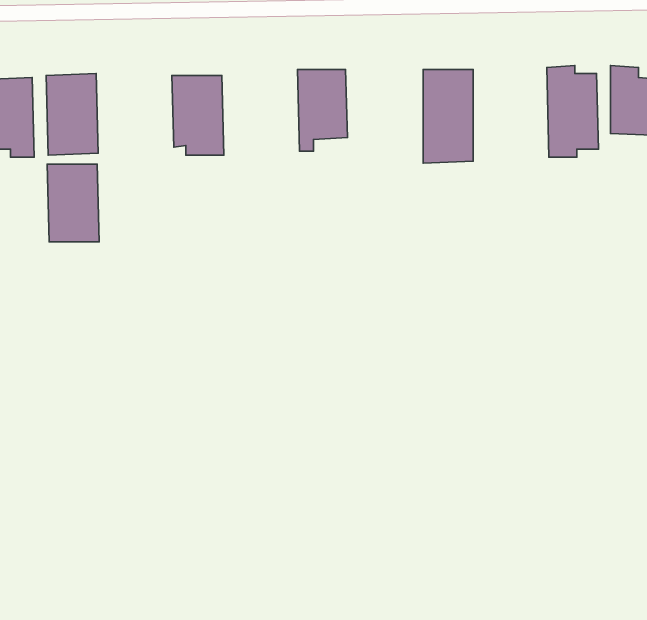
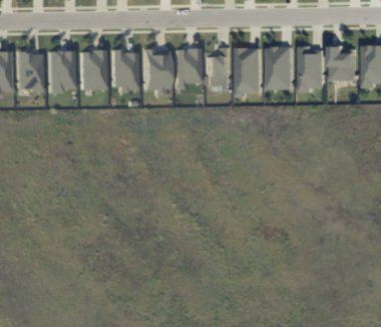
building: none -> [206,47,232,91]
building: none -> [269,47,294,90]
building: none -> [142,49,168,92]
building: [47,164,99,242] -> [79,50,105,89]

